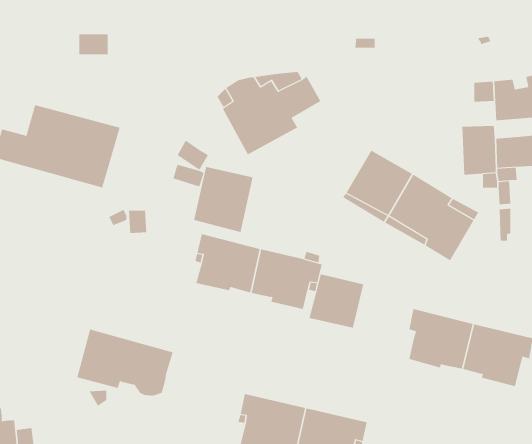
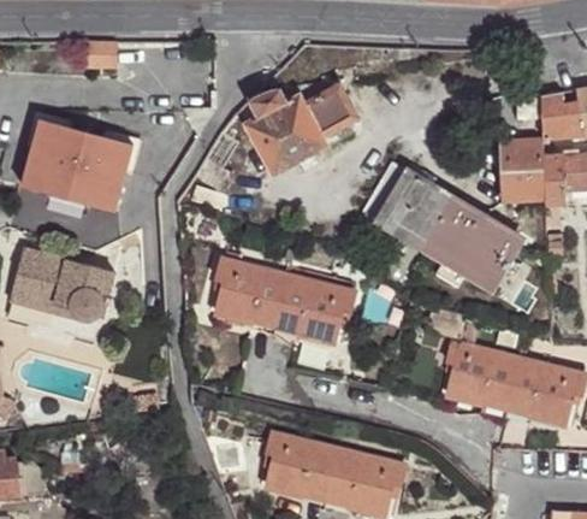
building: [194,166,253,233] -> none
building: [309,274,364,328] -> none
building: [76,329,173,396] -> [7,248,113,322]

